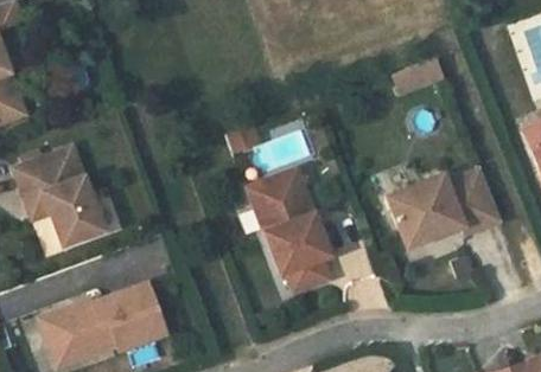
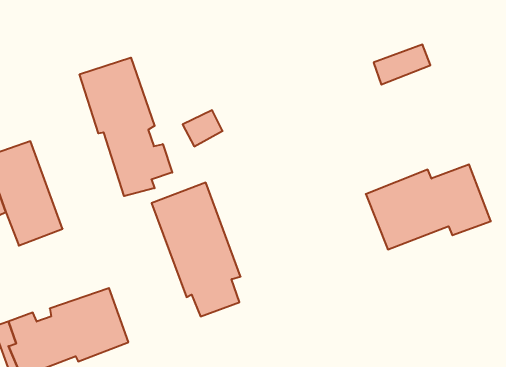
building: none -> [80,58,172,196]
building: [249,168,331,291] -> [152,183,241,316]

